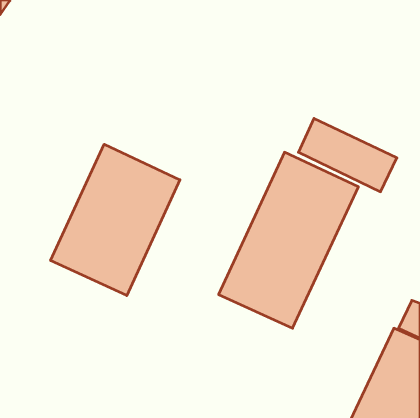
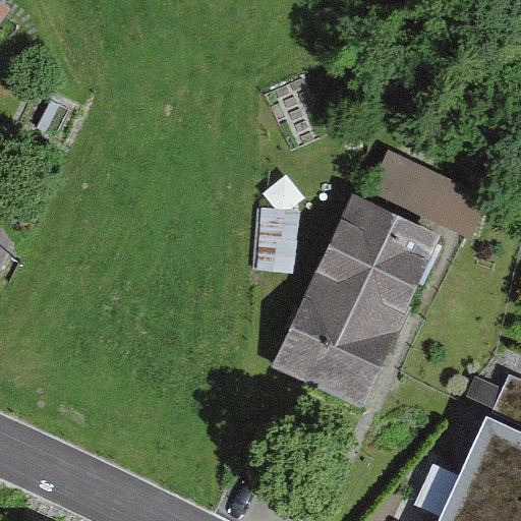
building: [51,144,180,296] -> none

